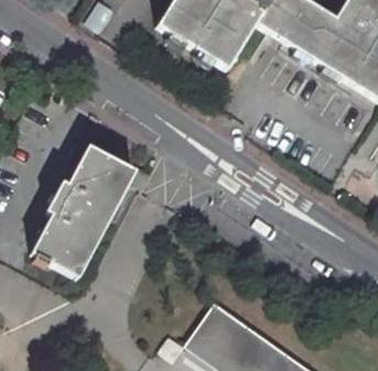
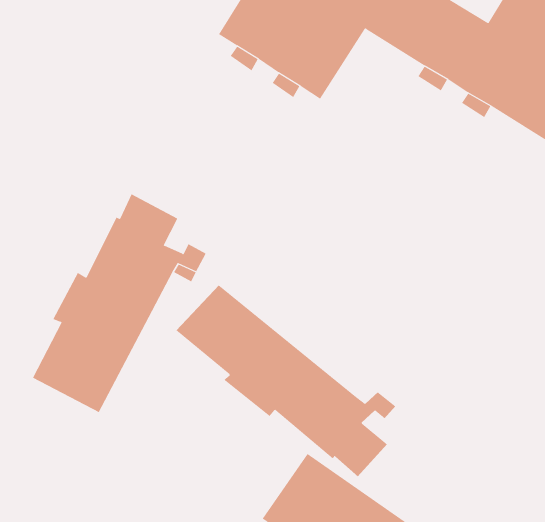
building: none -> [175,284,396,477]

